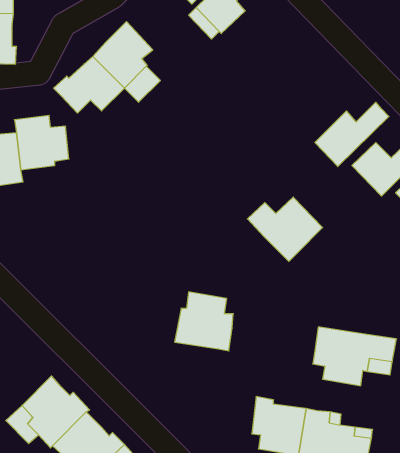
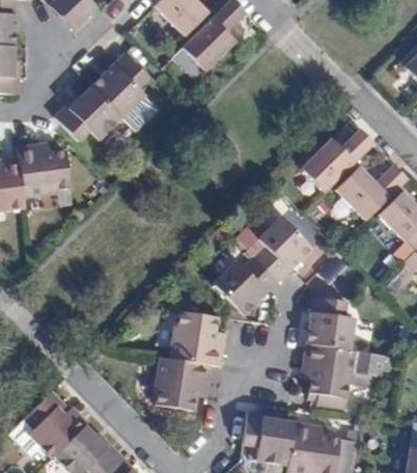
building: none -> [215,257,278,314]
building: none -> [306,296,358,351]
building: none -> [156,357,211,410]

